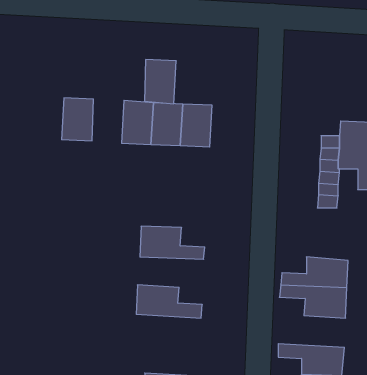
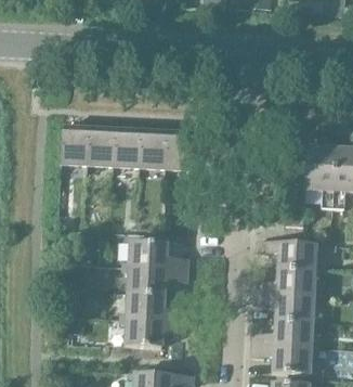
building: [144,60,176,104] -> [88,128,116,167]
building: none -> [257,241,315,271]
building: none -> [128,268,186,295]
building: none -> [126,319,184,347]
building: none -> [252,320,312,348]

